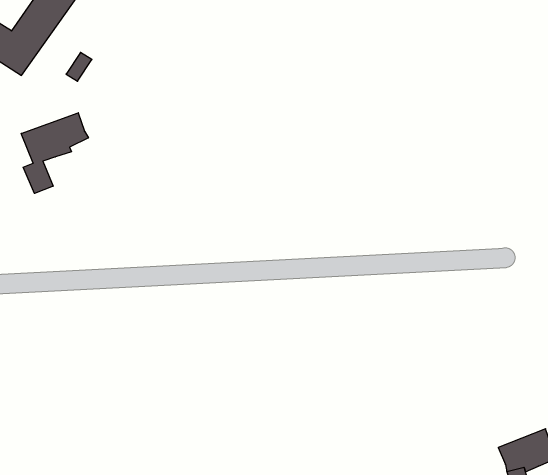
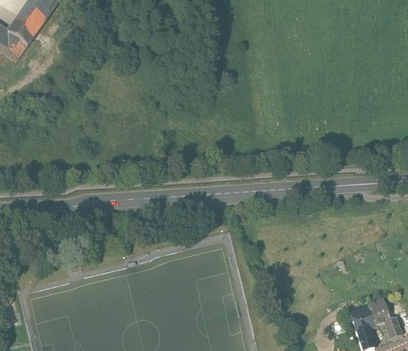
building: [21,113,88,193] -> none

